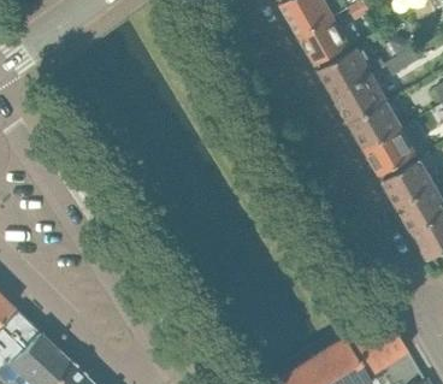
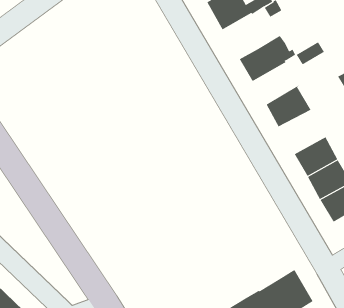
building: [300,17,361,65] -> none
building: [335,73,389,123] -> none
building: [365,129,418,176] -> none

